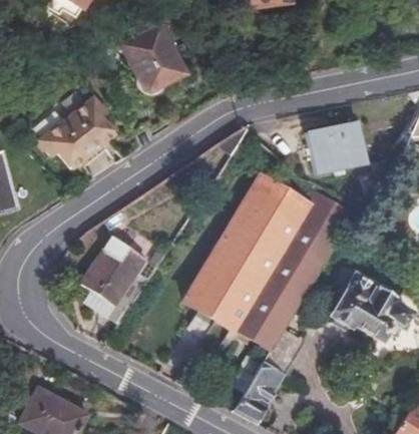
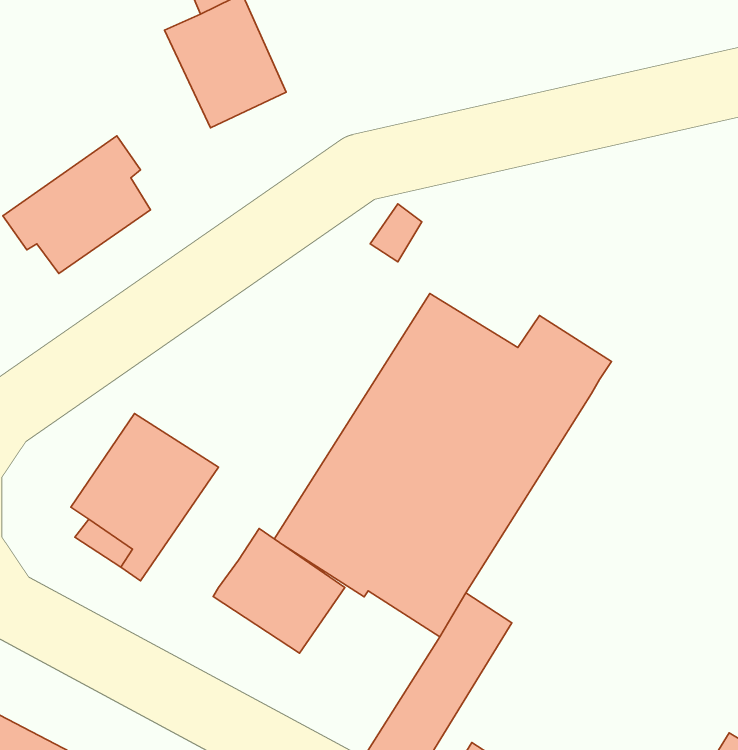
building: [304,121,363,172] -> none
building: [327,274,405,338] -> none
building: none -> [213,529,345,653]

